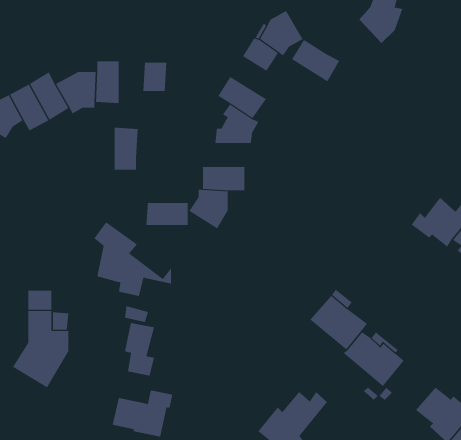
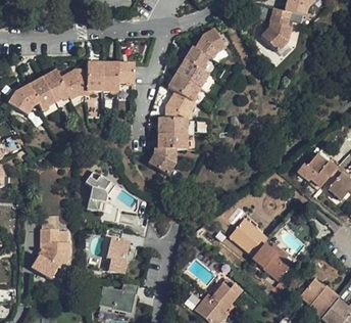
building: [291,39,340,82] -> [177,59,209,88]
building: [114,127,138,170] -> [103,62,119,91]
building: [146,203,189,226] -> [158,118,187,133]

